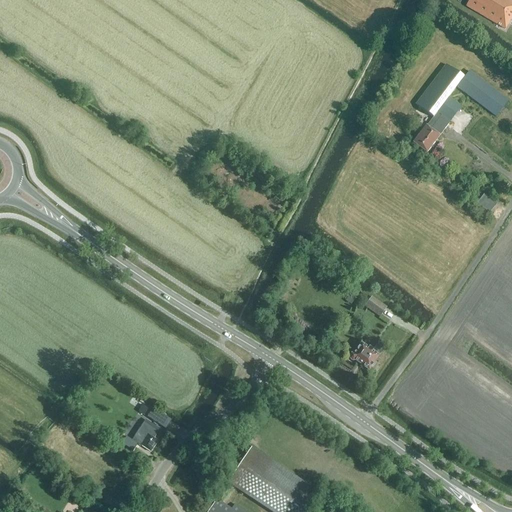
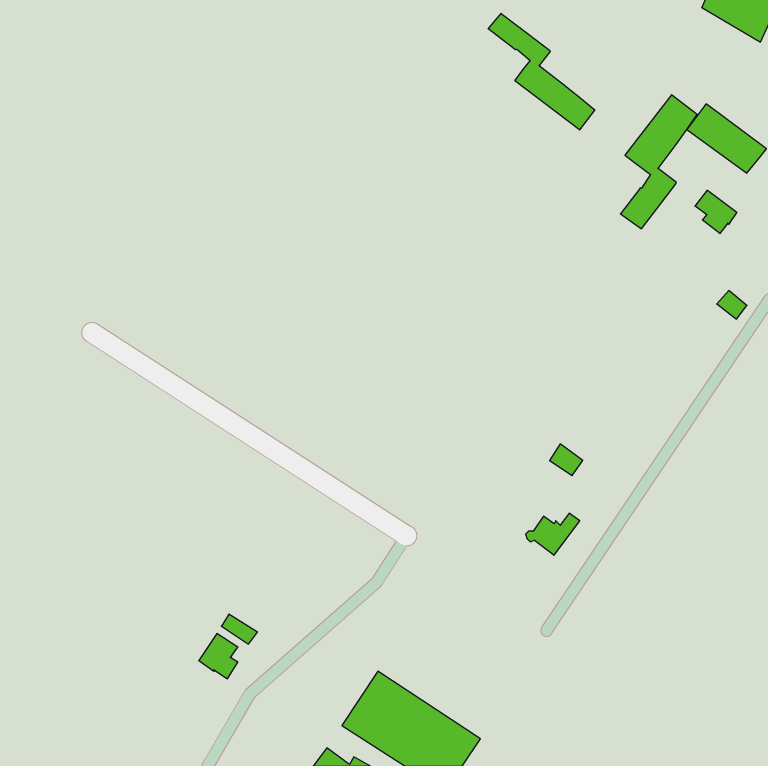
building: none -> [488,13,595,130]
building: none -> [695,190,737,234]

